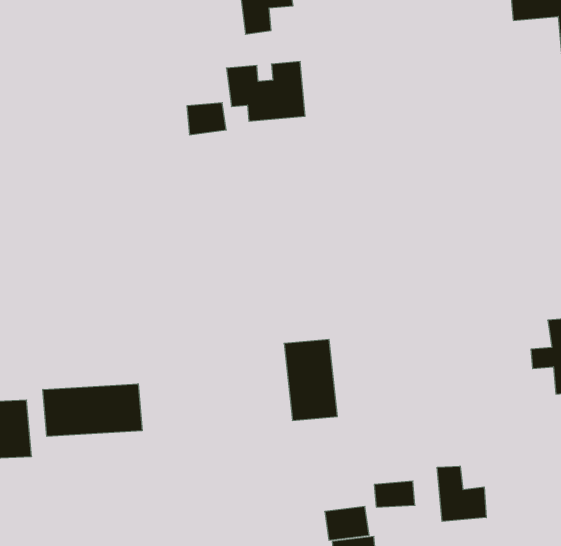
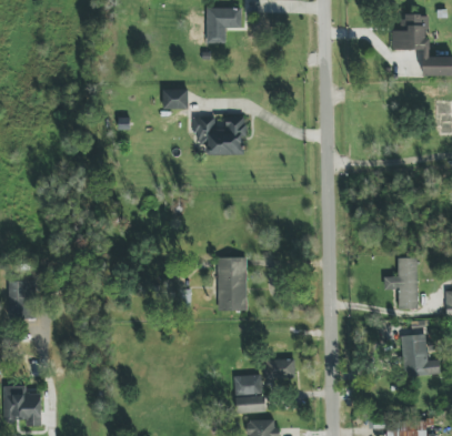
building: [226,62,305,121] -> [193,116,244,154]
building: [43,384,142,436] -> none
building: [437,466,486,521] -> none

